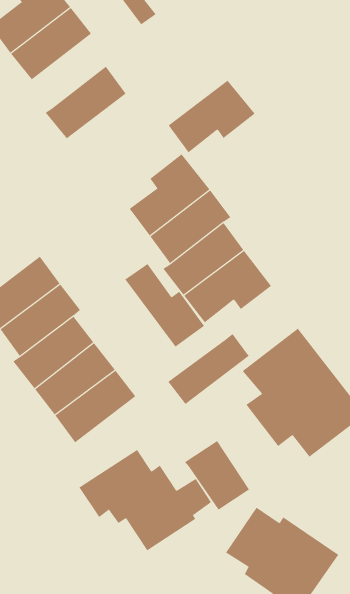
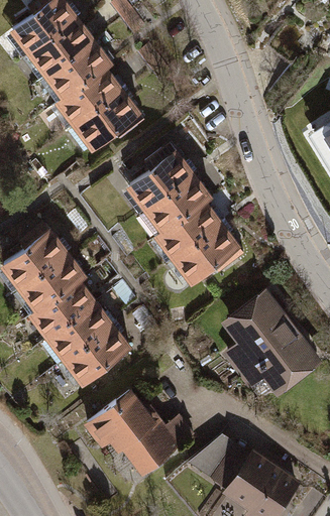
building: none -> [42,41,111,104]
building: [168,80,255,153] -> [72,92,145,153]
building: [125,263,205,347] -> none
building: [168,333,250,405] -> none
building: [184,440,250,511] -> none

